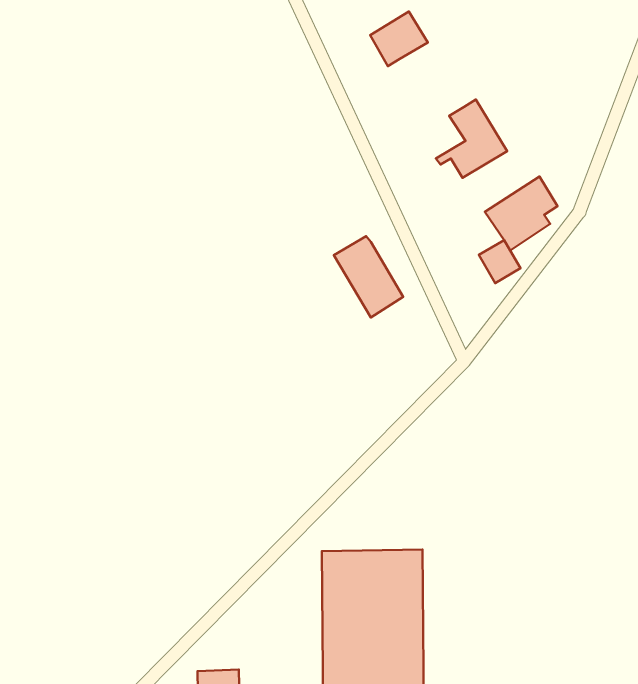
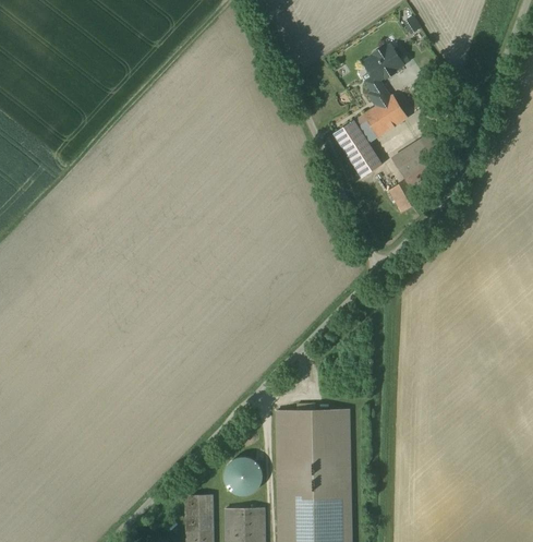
building: [370,11,428,66] -> [365,43,408,83]
building: [334,236,403,318] -> [334,121,385,181]
building: none -> [222,456,261,495]

